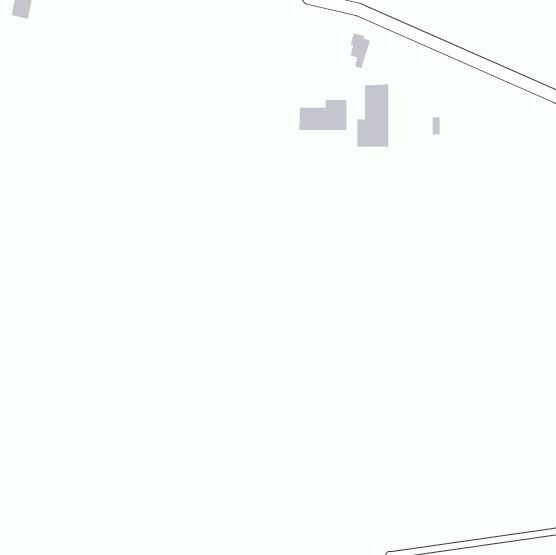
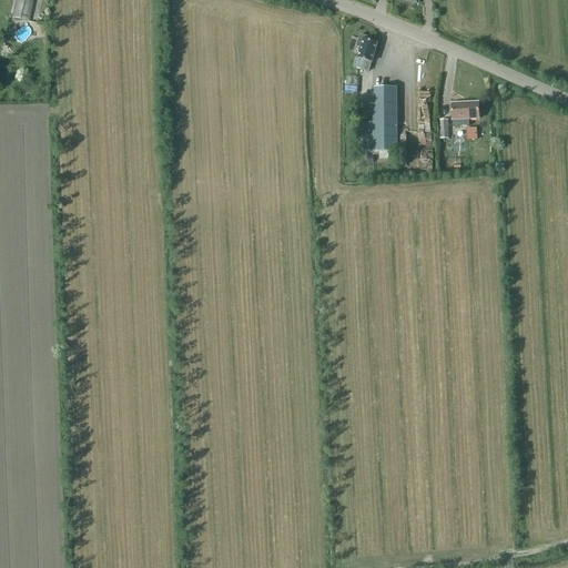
building: none -> [452,100,480,119]
building: [299,99,347,131] -> none

